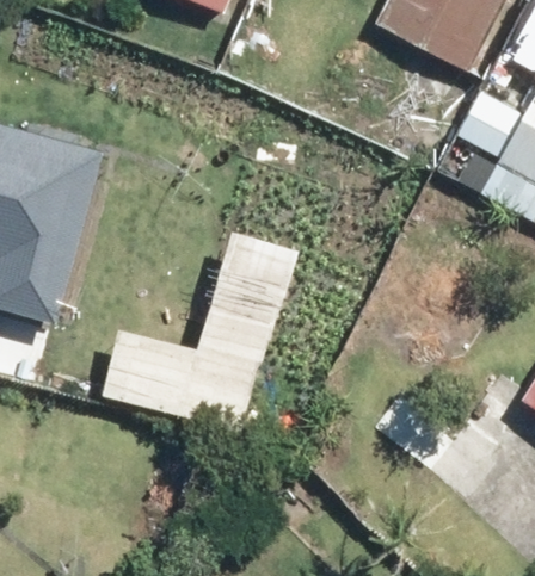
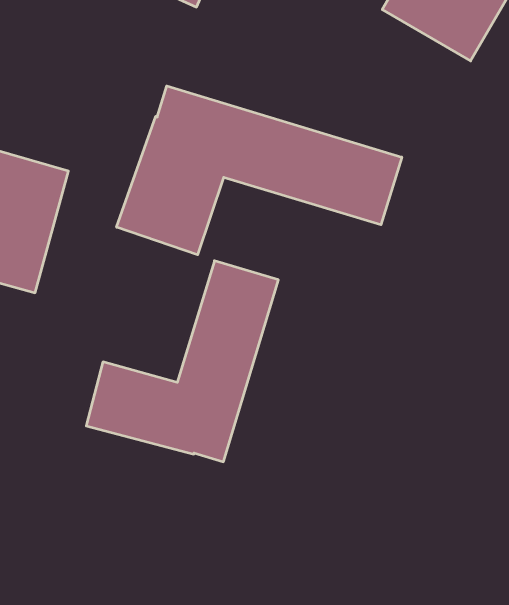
building: none -> [117,86,402,255]

